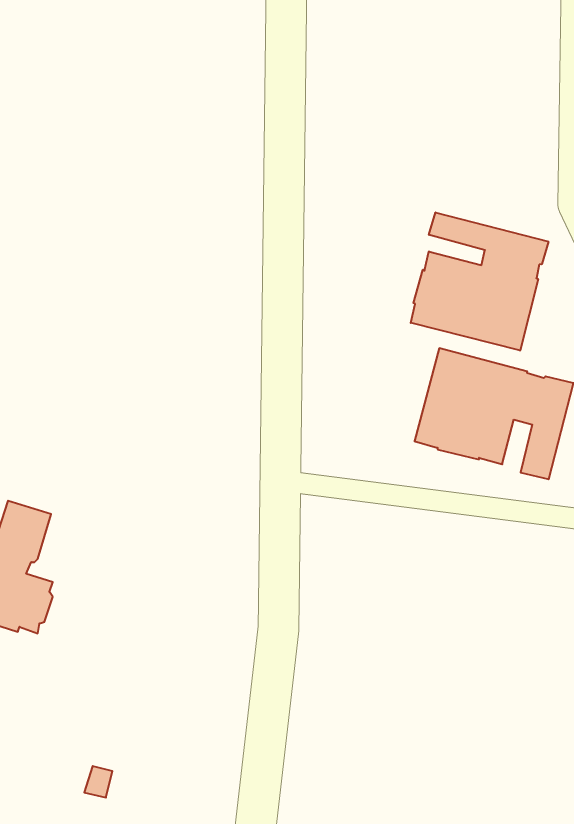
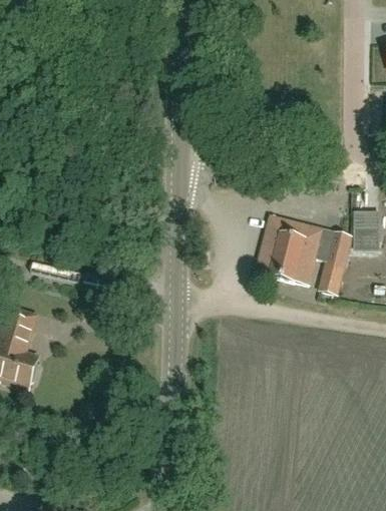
building: [411,212,548,351] -> none

